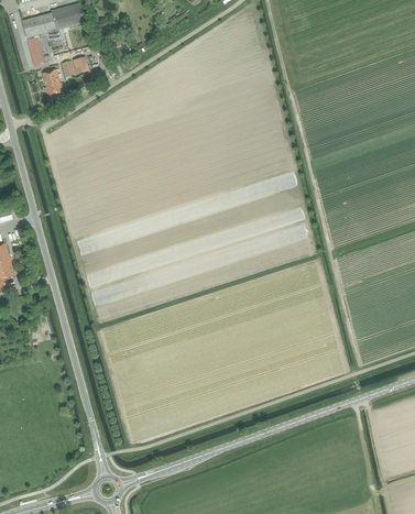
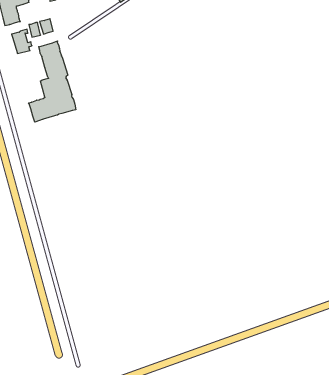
building: none -> [29,41,76,122]

